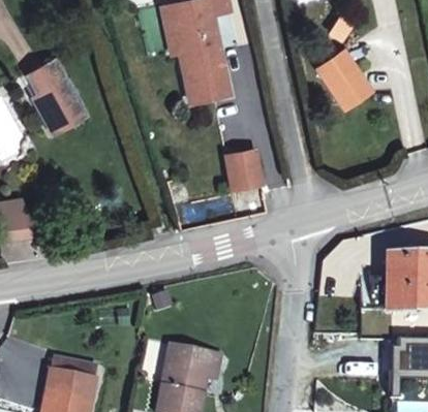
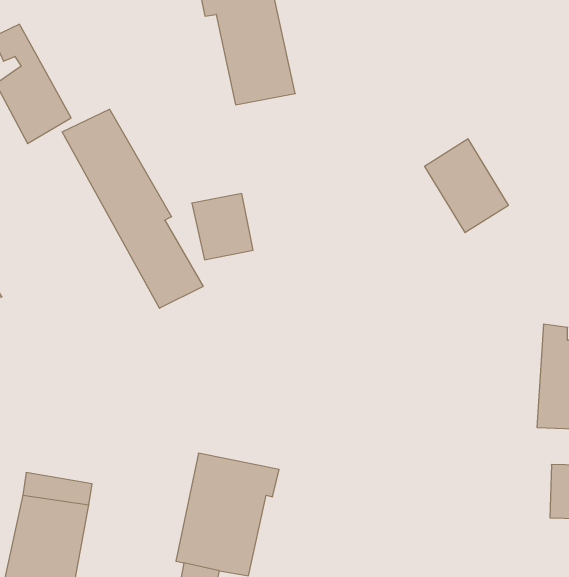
building: [325,62,378,122] -> [425,139,508,233]
building: none -> [62,109,203,308]
building: [222,154,262,196] -> [192,194,253,260]

